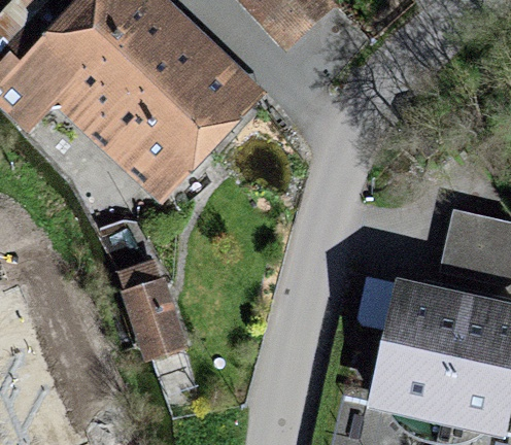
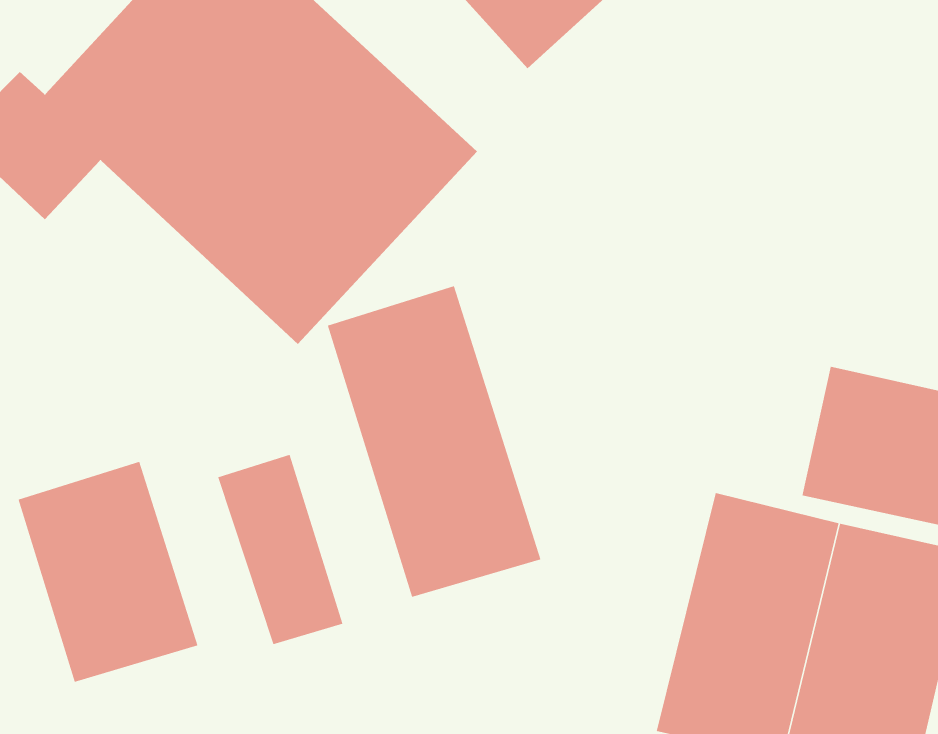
building: none -> [327,285,541,598]
building: none -> [18,461,198,683]

